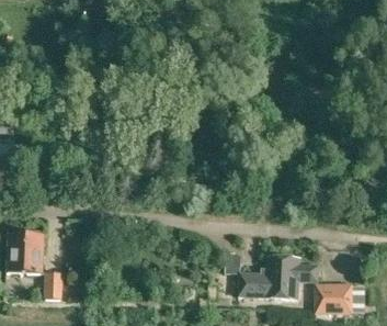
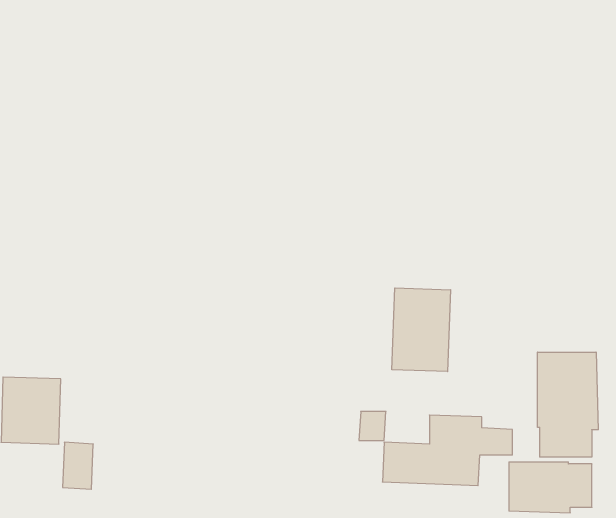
building: none -> [392,288,451,372]
building: none -> [538,352,598,457]

